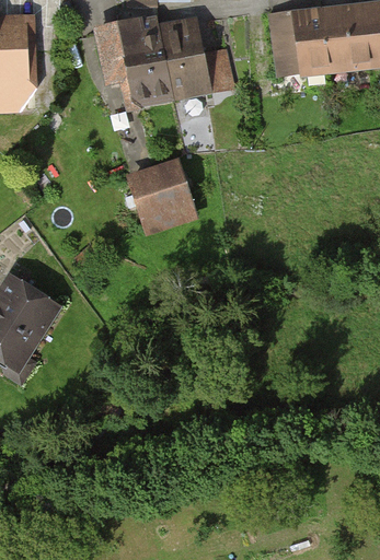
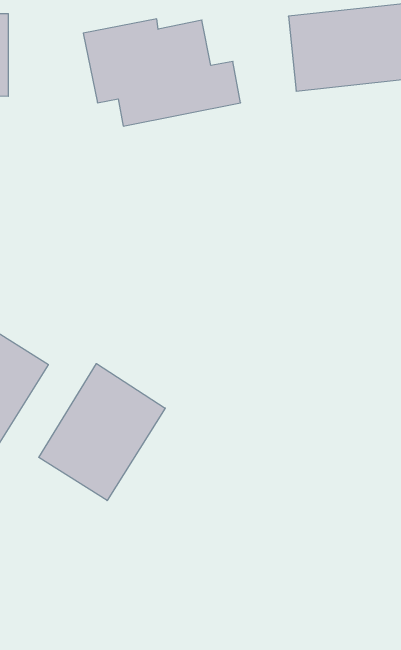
building: [124,163,197,232] -> none
building: none -> [39,364,165,501]

